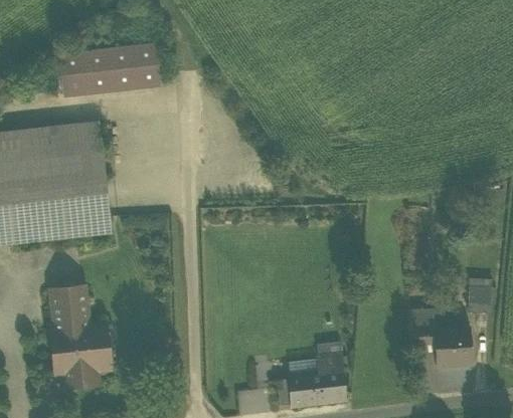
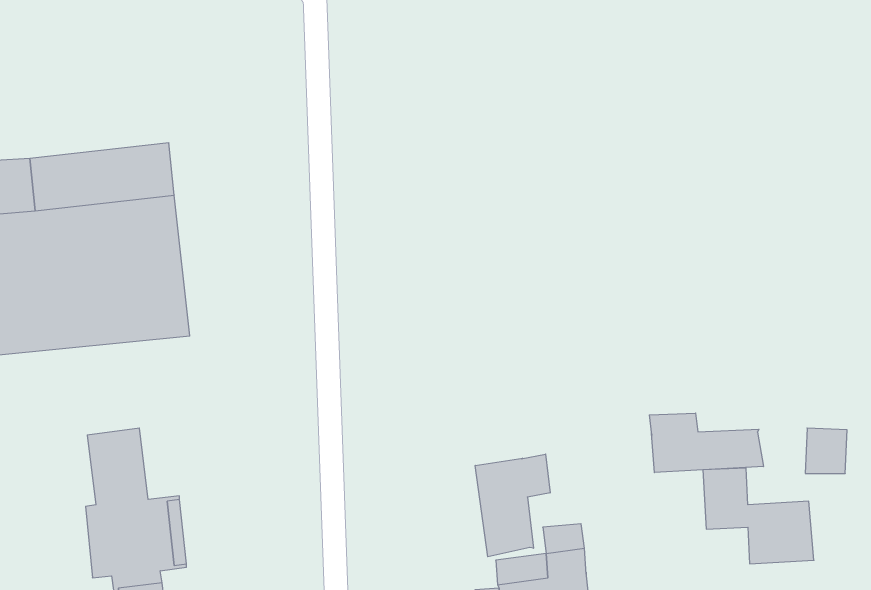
building: [59,45,159,94] -> none
building: none -> [649,413,763,473]
building: none -> [475,454,550,557]

